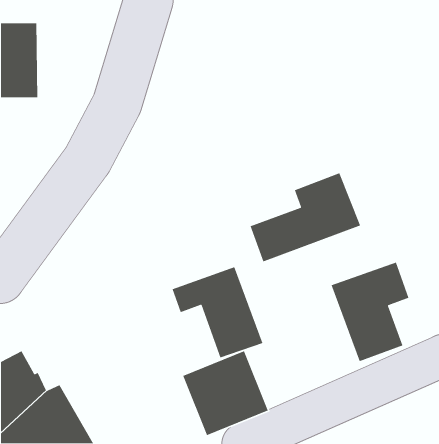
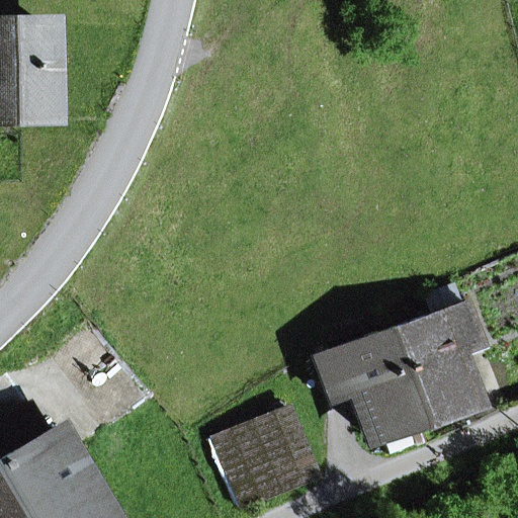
building: [249,172,361,262] -> none
building: [171,266,263,358] -> [317,332,424,439]

